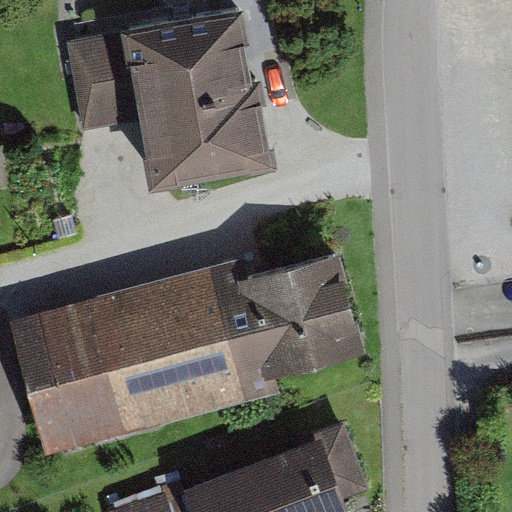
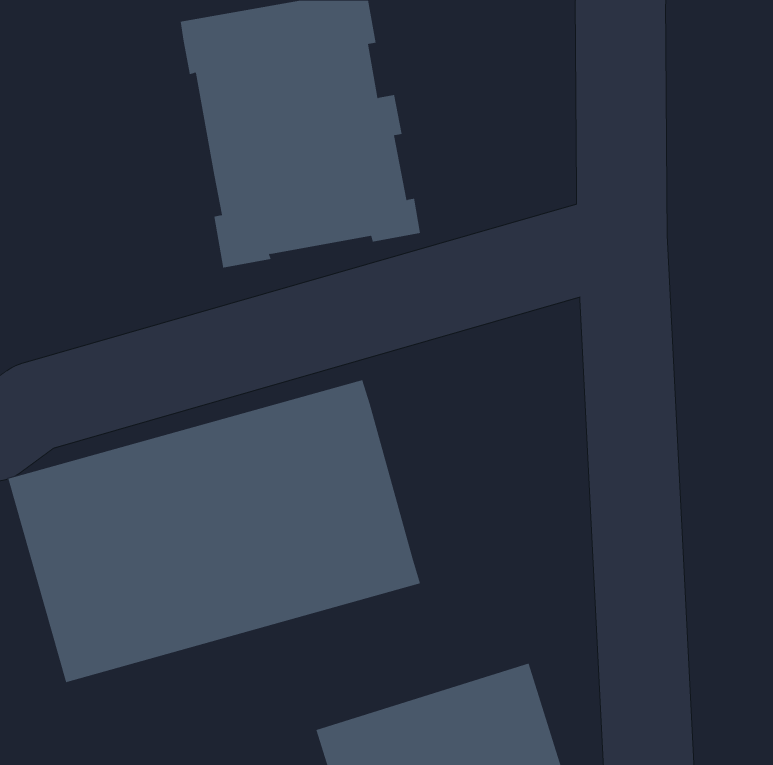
building: [65,36,140,134] -> none
building: [243,248,364,375] -> none

